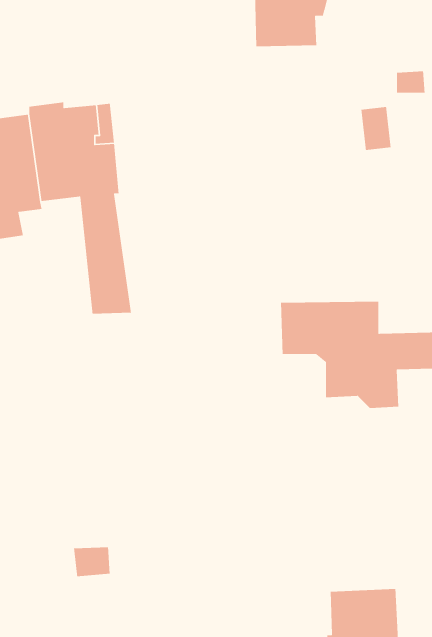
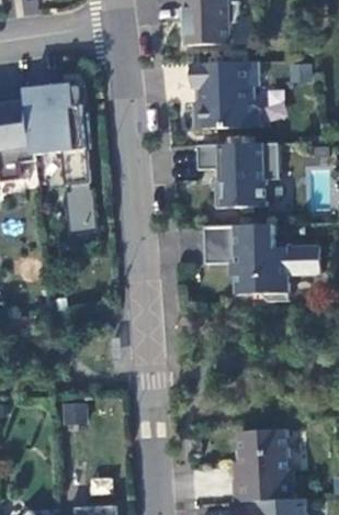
building: none -> [190,63,259,130]
building: none -> [196,144,278,209]

